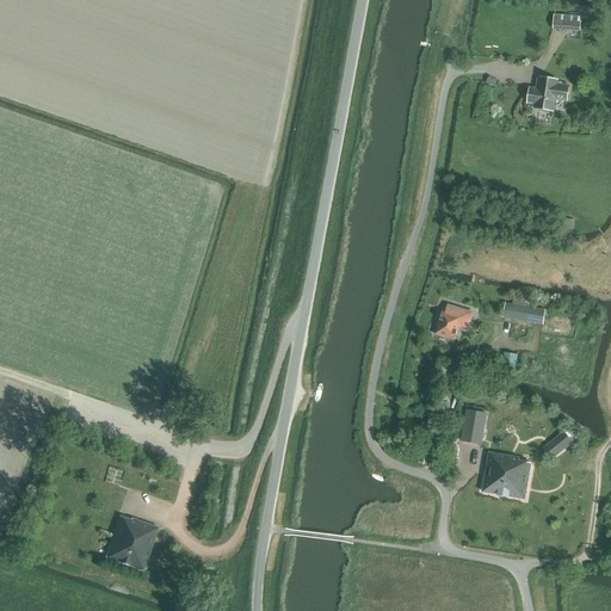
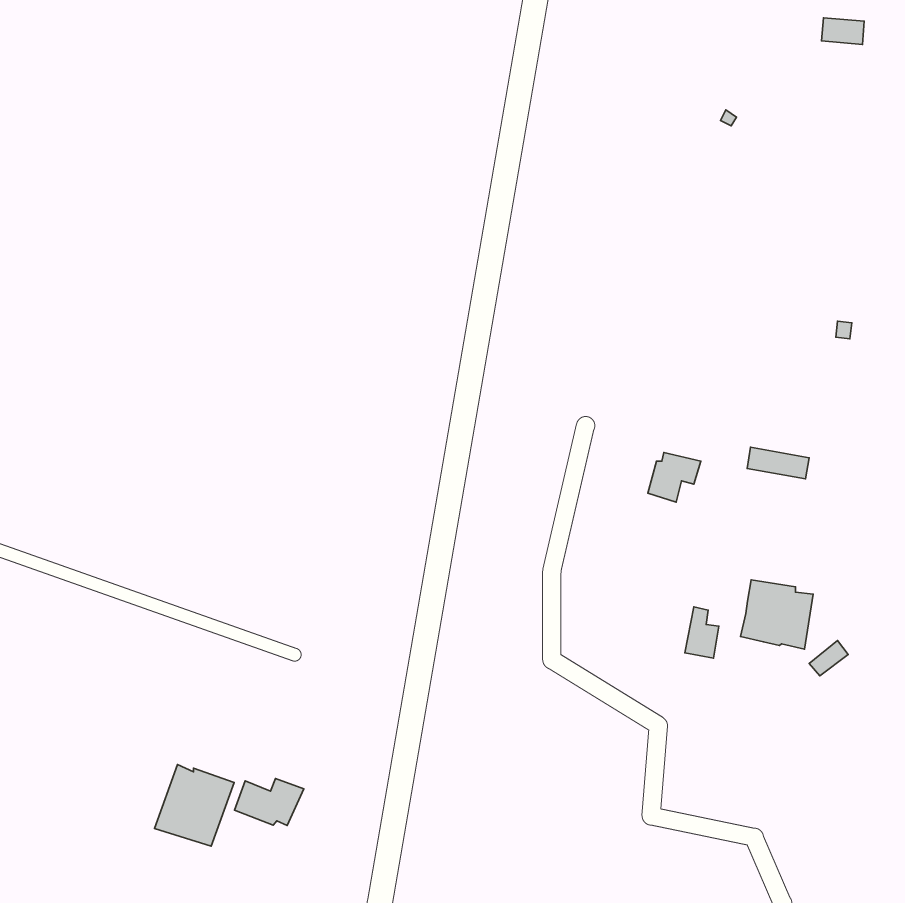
building: [526,76,568,111] -> none
building: [481,451,530,498] -> [741,580,813,649]
building: none -> [235,779,304,826]

